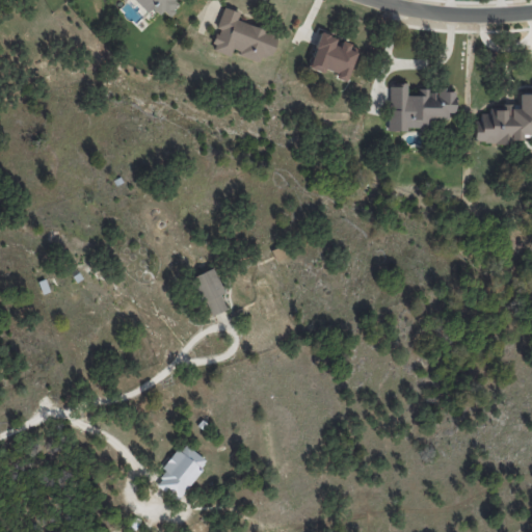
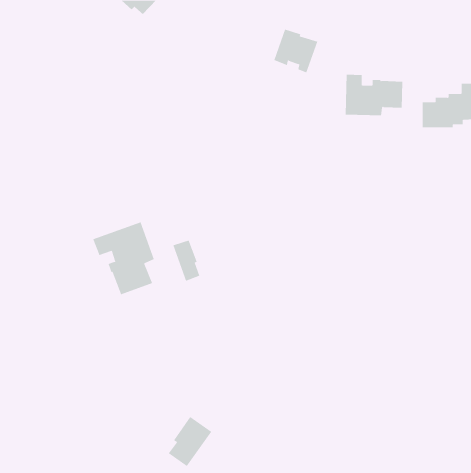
building: [213,7,280,61] -> none
building: none -> [92,221,155,295]
building: [159,443,209,500] -> [168,416,212,467]

